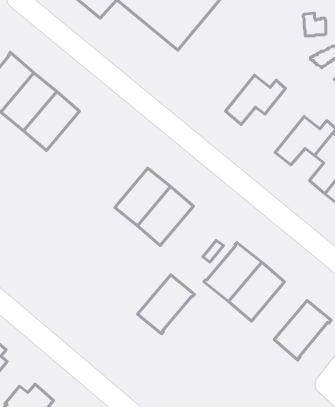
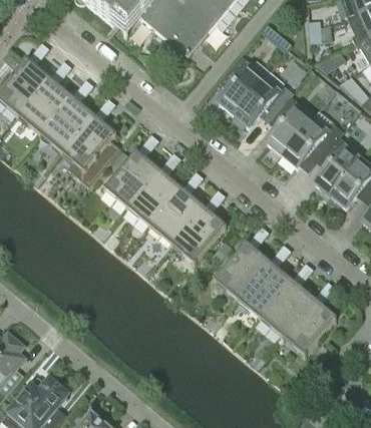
building: none -> [219,55,262,114]
building: none -> [267,92,310,154]
building: none -> [60,114,121,187]
building: none -> [102,149,158,207]
building: [138,275,195,334] -> [170,206,226,264]
building: none -> [259,280,313,336]

